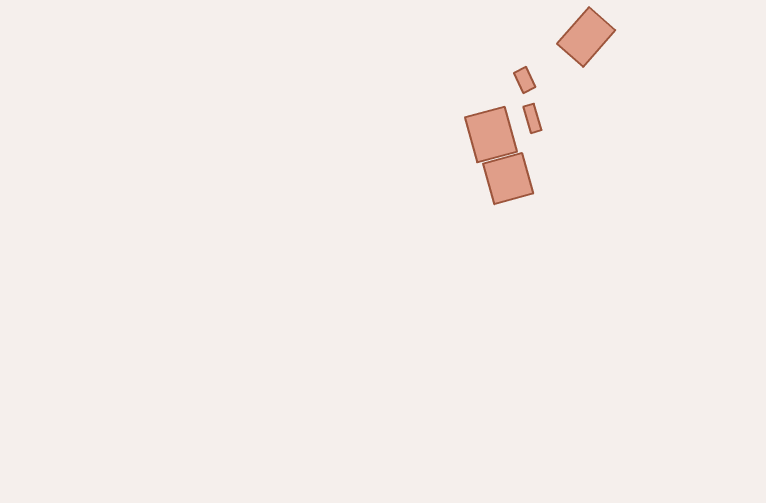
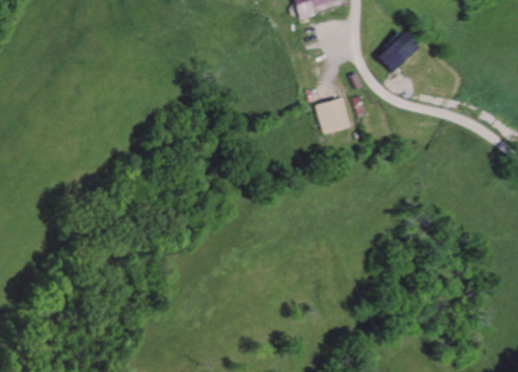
building: [483,153,533,204] -> none

